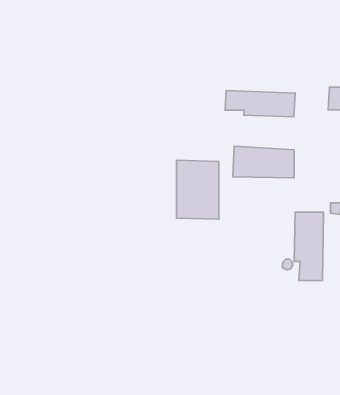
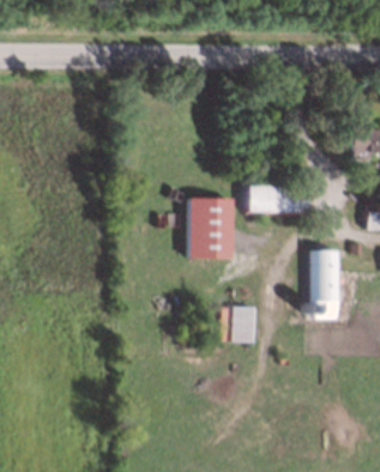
building: [225,91,295,117] -> none
building: none -> [233,307,255,344]

